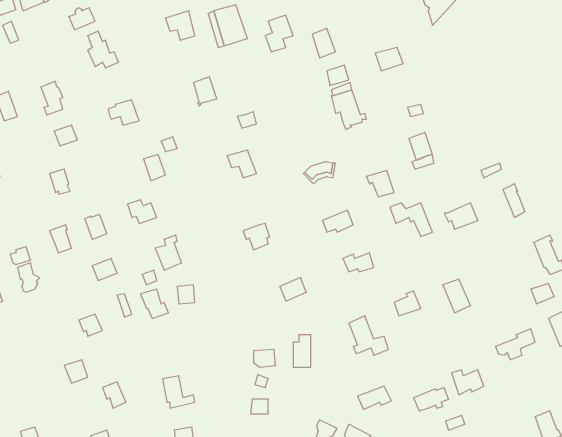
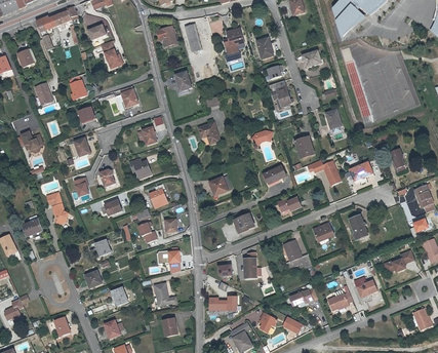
building: none -> [156,247,178,273]

